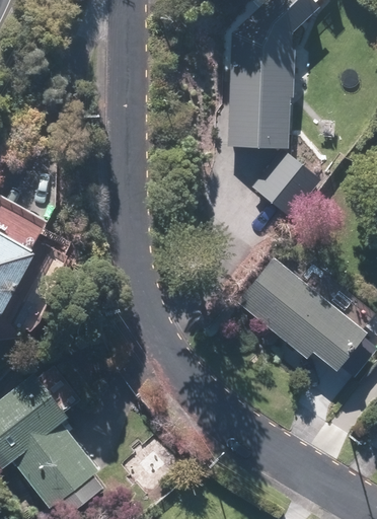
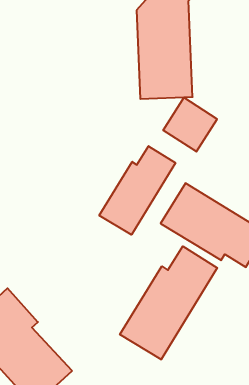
building: none -> [99,146,175,235]
building: none -> [120,246,217,360]

